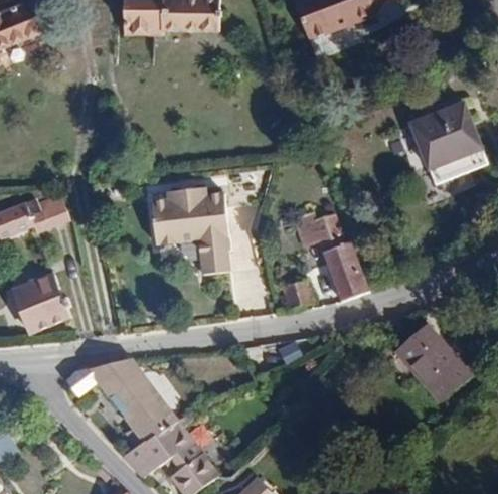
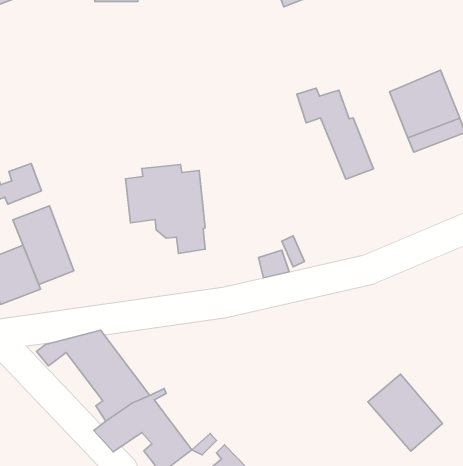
building: [294,211,369,301] -> [297,88,374,179]
building: none -> [13,206,74,284]
building: [395,324,469,399] -> [368,374,442,451]

